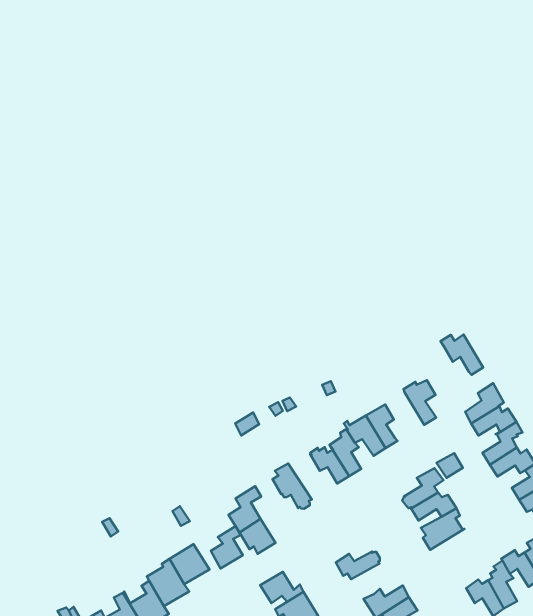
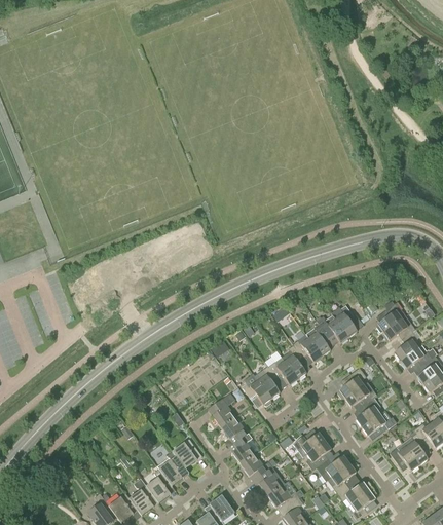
building: [440,335,483,375] -> [316,314,348,343]
building: none -> [252,366,280,399]
building: [211,526,243,569] -> [231,433,255,464]
building: none -> [361,410,396,436]
building: none -> [305,441,332,471]

